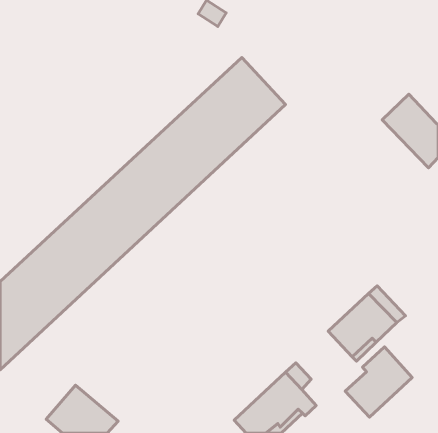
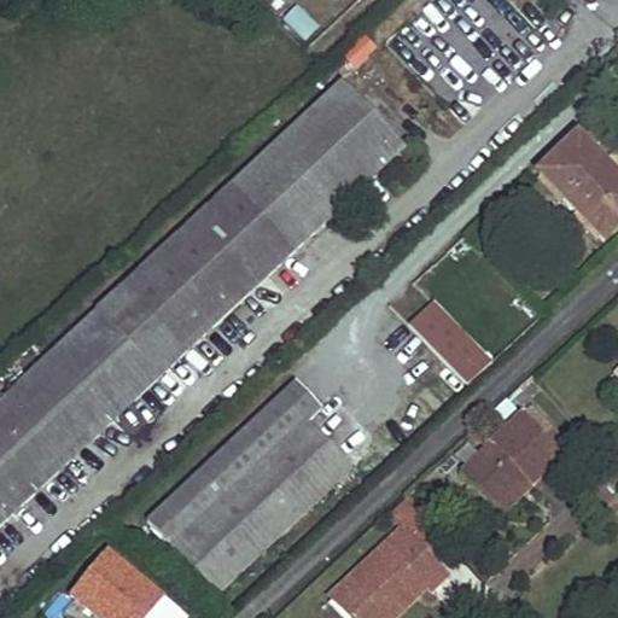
building: none -> [408,296,492,384]
building: none -> [147,378,352,591]
building: [345,347,412,417] -> none

